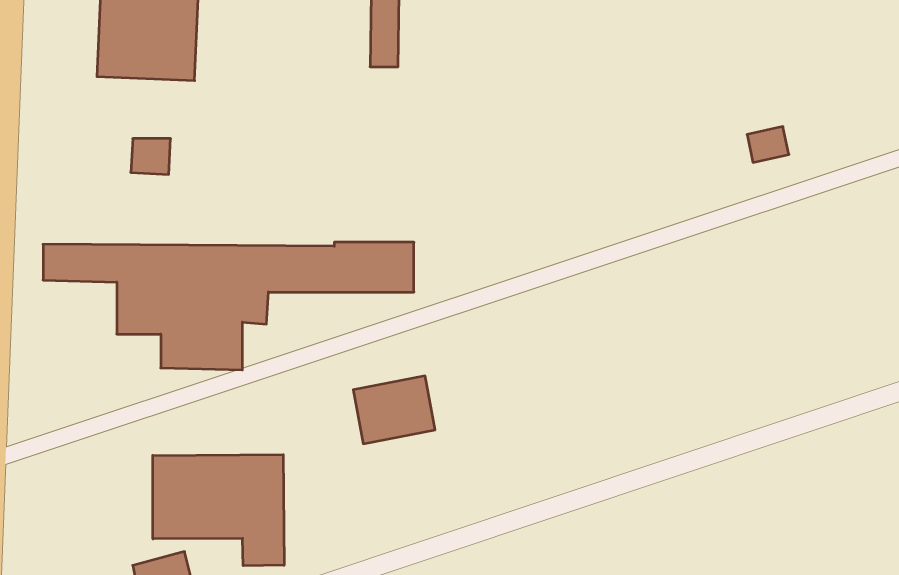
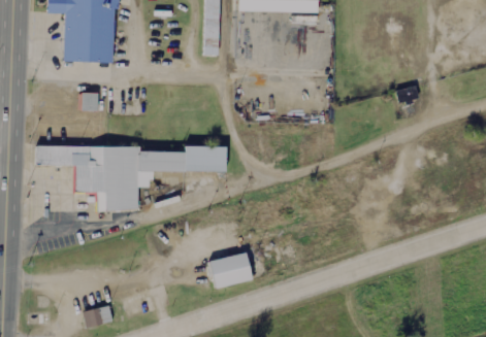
building: [353,376,435,444] -> [210,252,253,288]
building: [153,455,284,566] -> none

